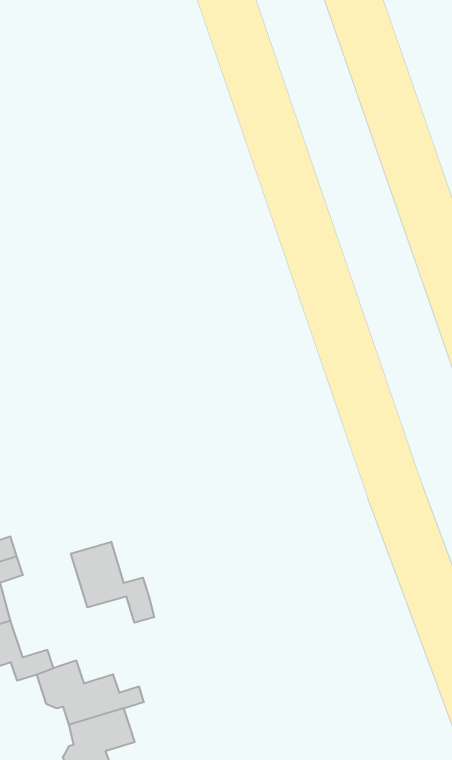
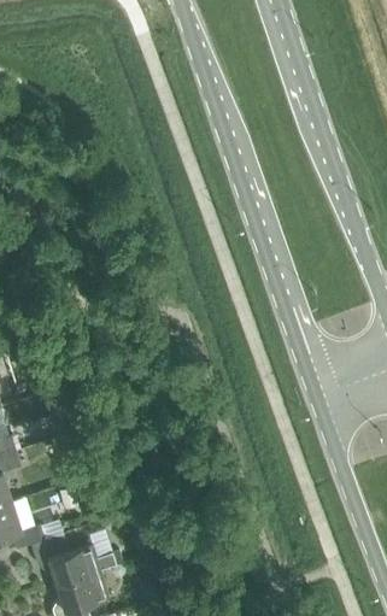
building: [71,542,154,623] -> none

